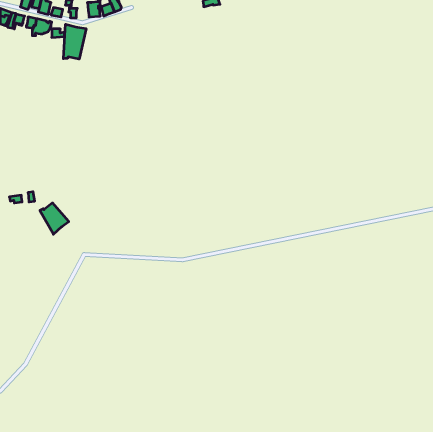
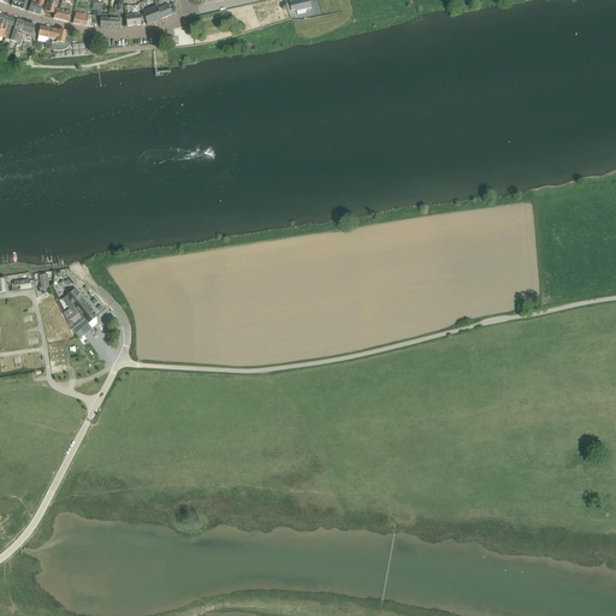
building: [63,24,86,59] -> none

